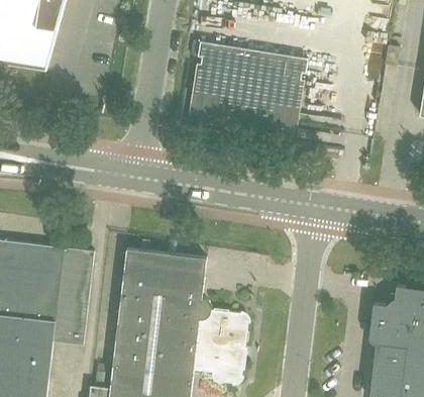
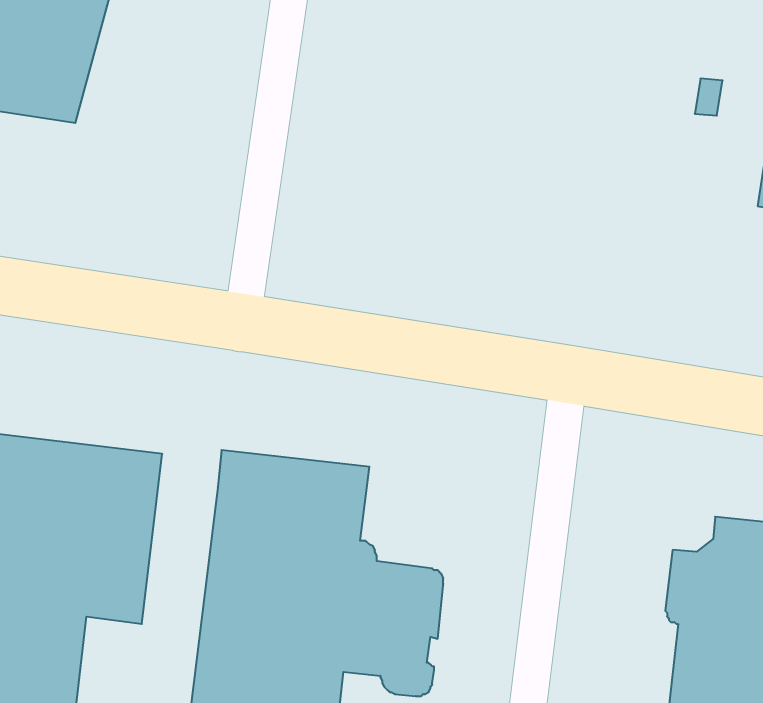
building: [189,41,309,135] -> none

